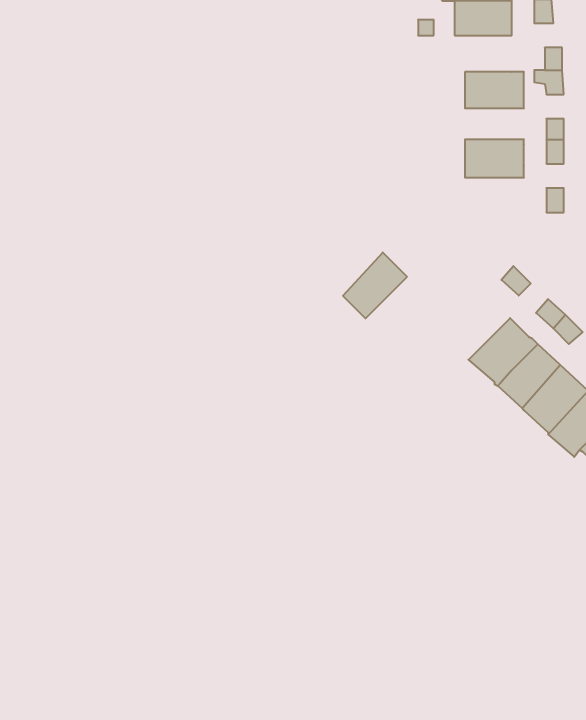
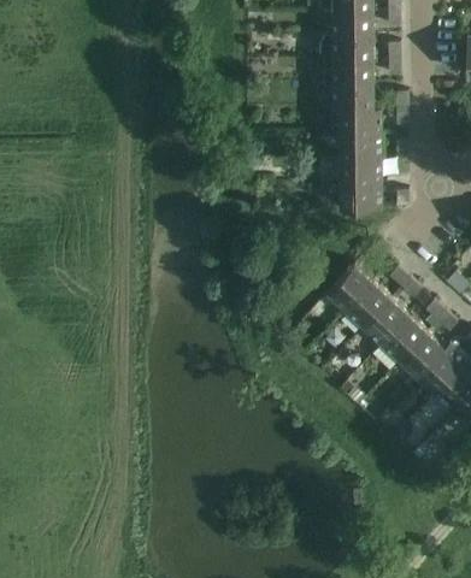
building: none -> [332,84,372,110]
building: none -> [340,135,381,157]
building: none -> [340,183,382,208]
building: [343,252,407,318] -> [326,264,371,309]

